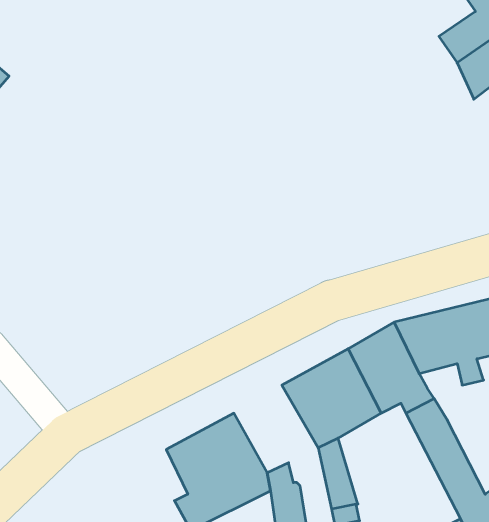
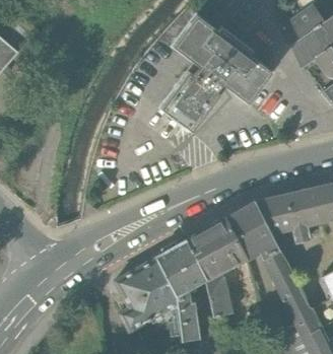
building: none -> [159,15,270,131]
building: none -> [154,241,206,295]

